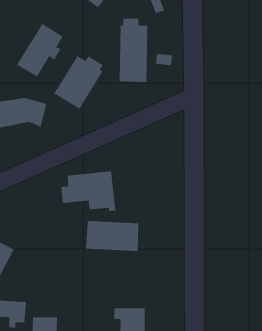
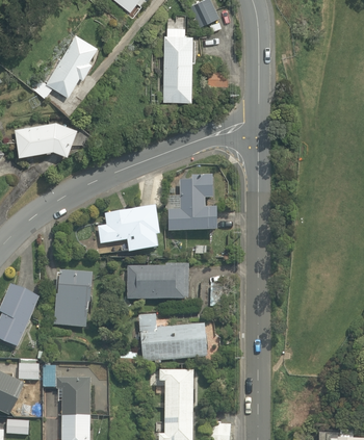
building: [53,55,104,109] -> none
building: none -> [166,179,219,231]
building: none -> [50,271,100,328]
building: none -> [136,313,209,361]

